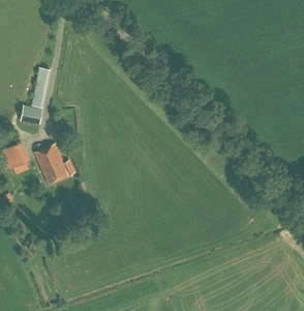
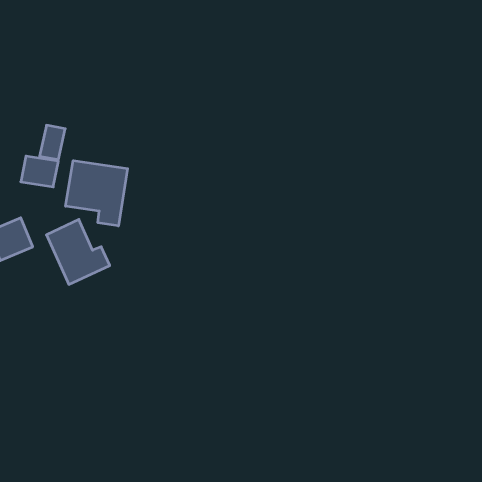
building: none -> [66,161,128,226]

